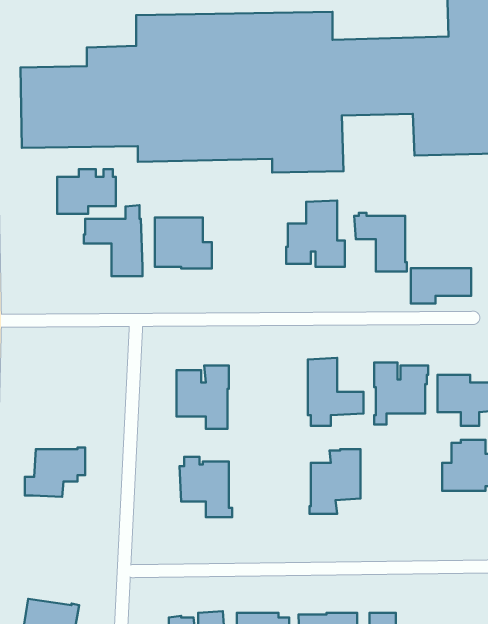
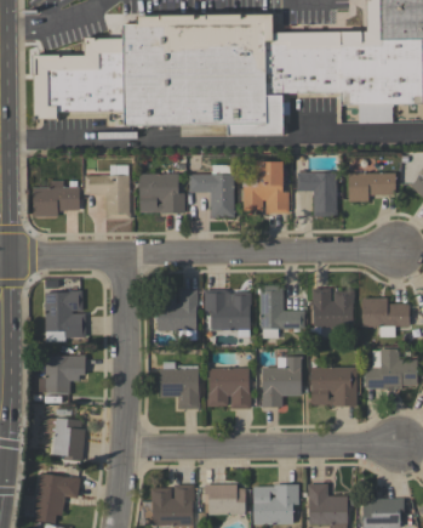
building: [57,169,116,214] -> [33,181,79,216]
building: none -> [188,165,234,217]
building: [411,268,471,304] -> [348,172,395,200]
building: none -> [44,290,85,337]
building: none -> [204,290,251,336]
building: none -> [310,367,356,405]
building: none -> [207,368,250,408]
building: none -> [41,418,85,461]

